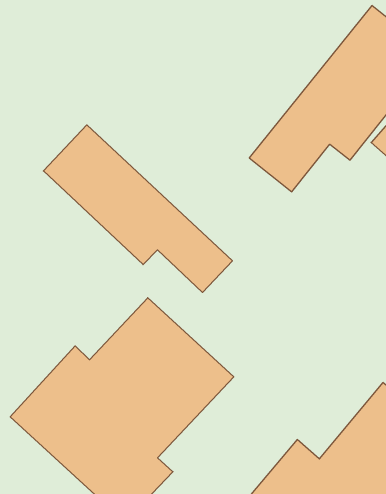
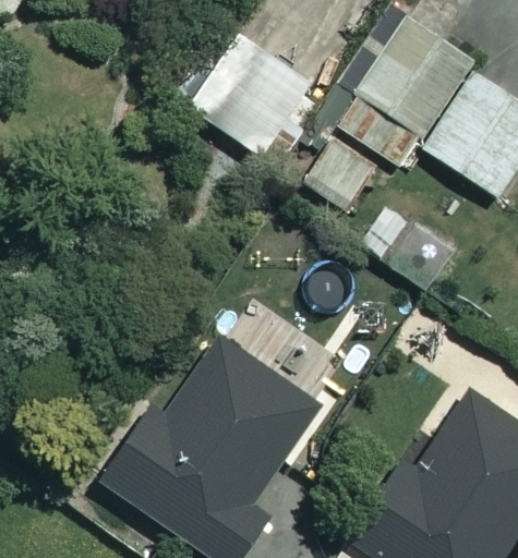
building: none -> [198,38,316,158]
building: [43,125,232,292] -> none

